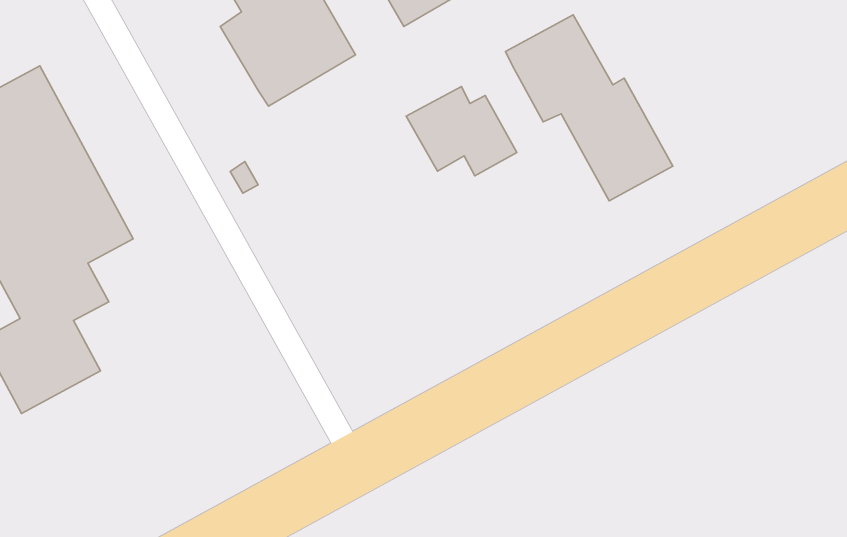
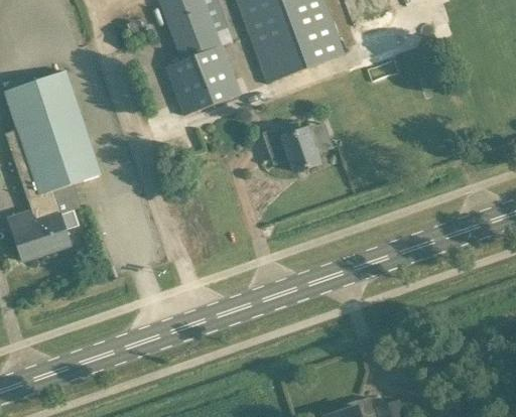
building: [506,15,673,201] -> none

